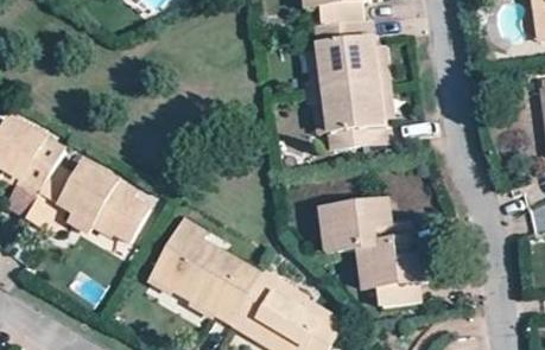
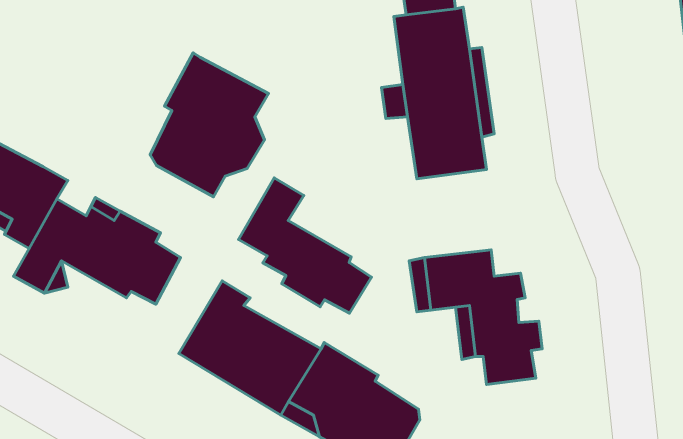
building: none -> [150,53,269,197]
building: none -> [239,178,372,313]

